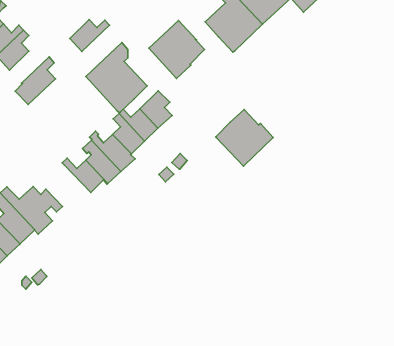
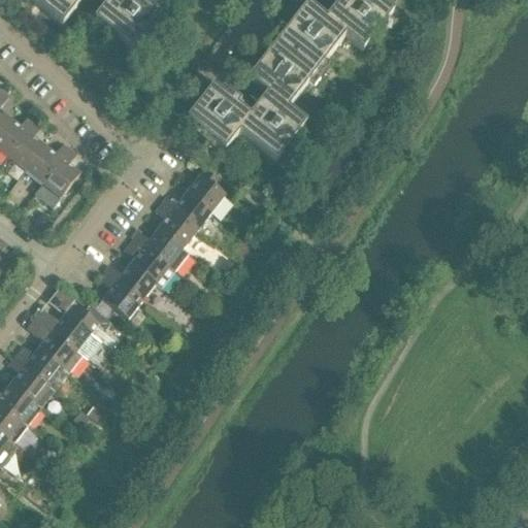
building: [70,19,109,52] -> [24,141,68,183]
building: [86,43,147,113] -> none
building: [216,110,273,166] -> [236,93,304,160]
building: none -> [100,271,141,318]

